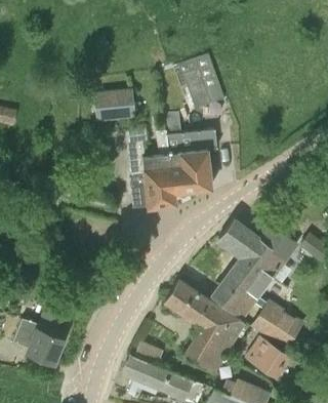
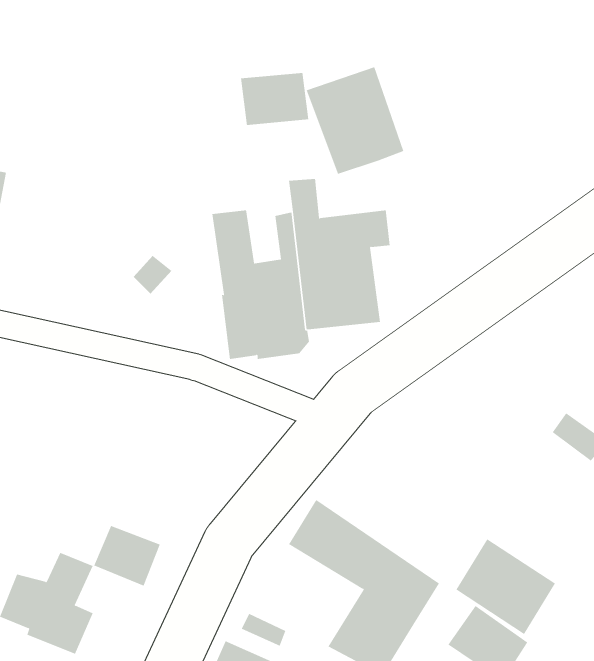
building: [98,92,134,120] -> [240,72,309,125]
building: [213,221,296,319] -> none
building: none -> [93,525,160,586]

